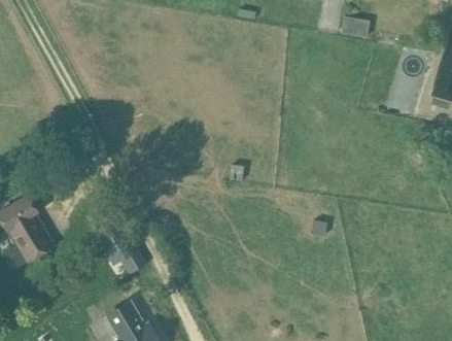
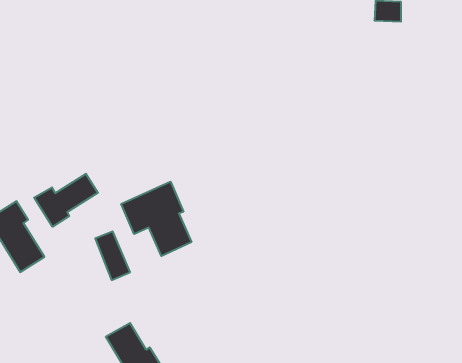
building: none -> [34,174,98,227]
building: none -> [121,182,191,256]

